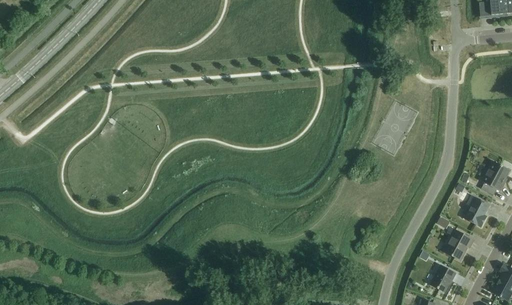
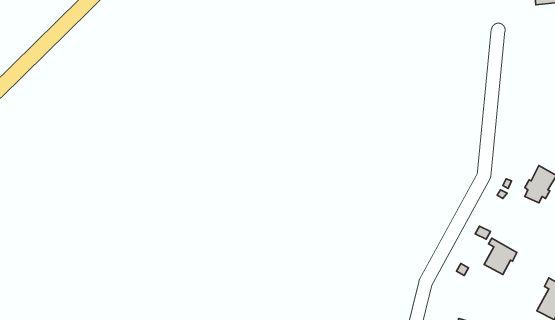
building: [466,196,490,227] -> none
building: [431,265,457,292] -> none

